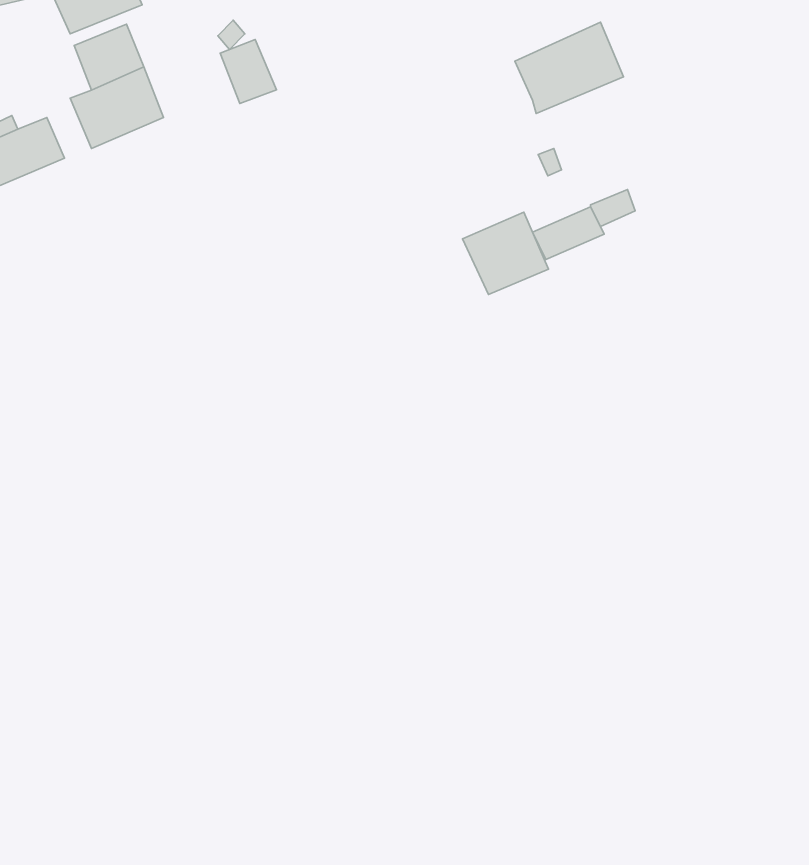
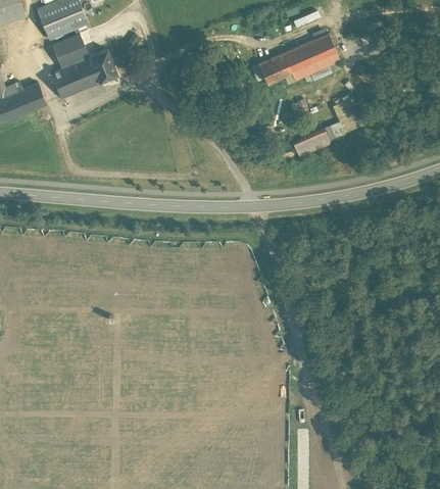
building: [220,39,277,104] -> [88,49,117,83]
building: none -> [257,53,292,85]
building: [462,212,548,294] -> none

